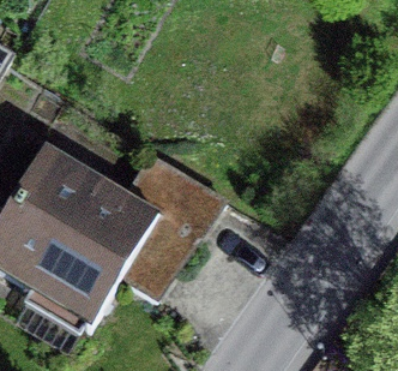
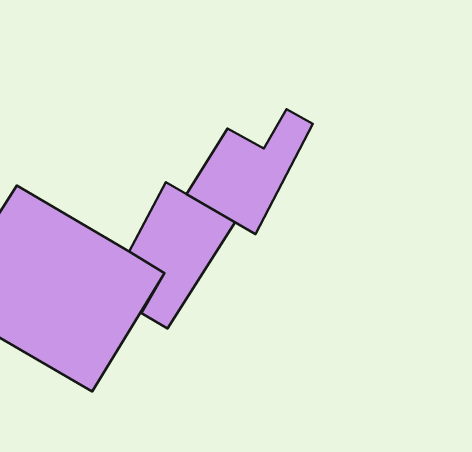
building: none -> [187,109,313,234]

